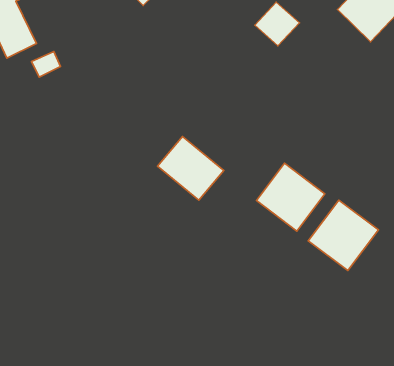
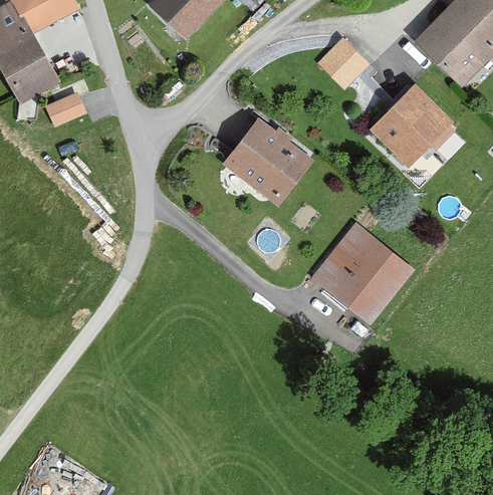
building: none -> [371,88,449,166]
building: [158,137,224,200] -> [227,126,307,203]
building: [308,200,378,271] -> none

